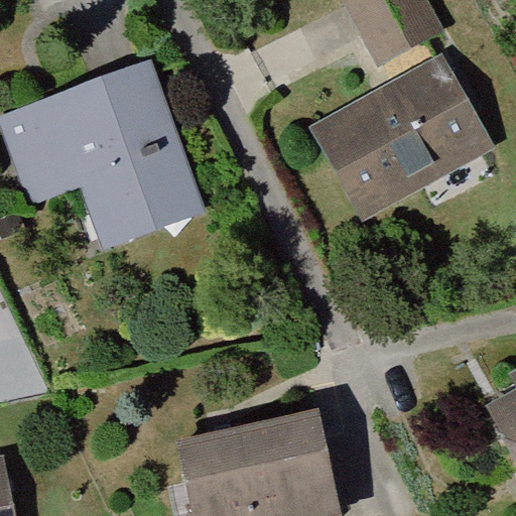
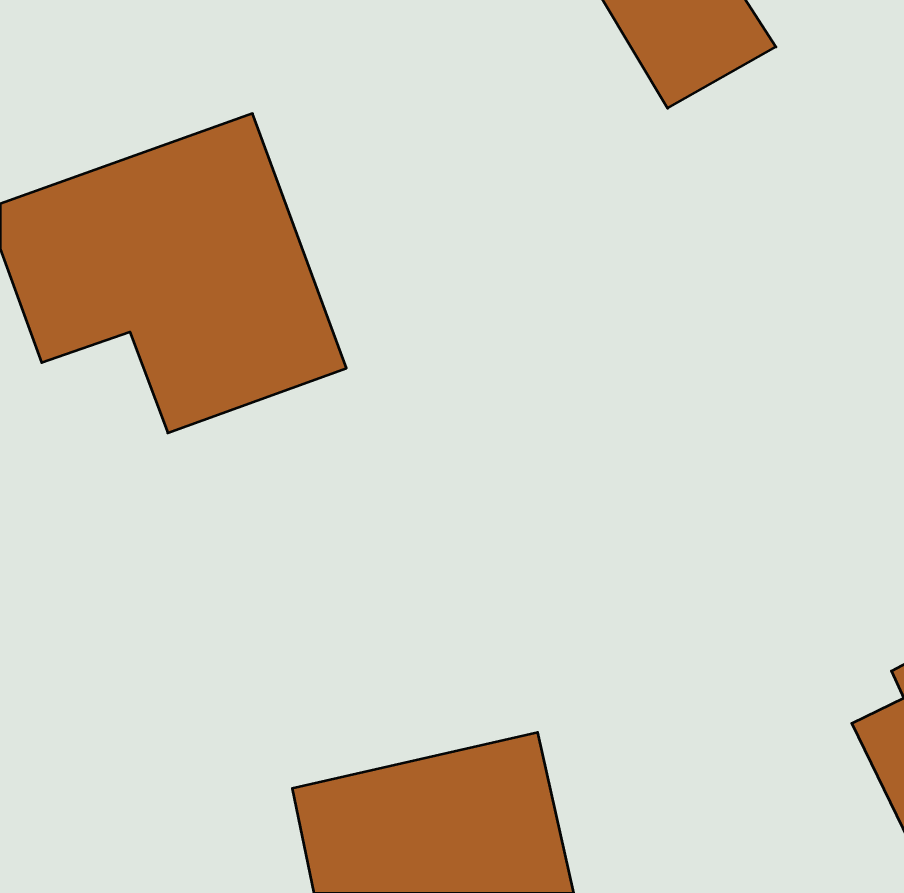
building: [314,57,492,220] -> none

